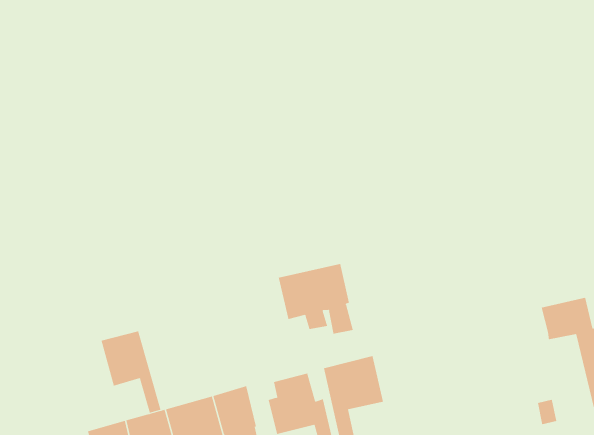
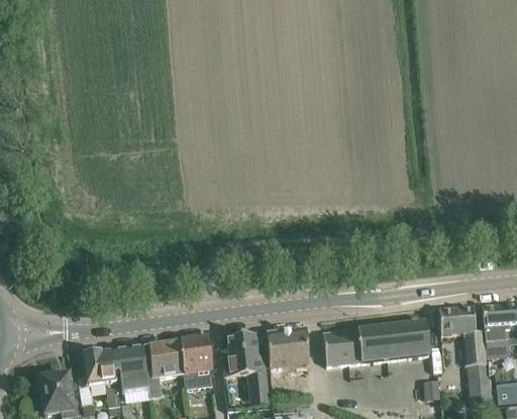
building: [278,263,353,335] -> none
building: none -> [323,321,429,364]
building: [101,331,161,414] -> none

